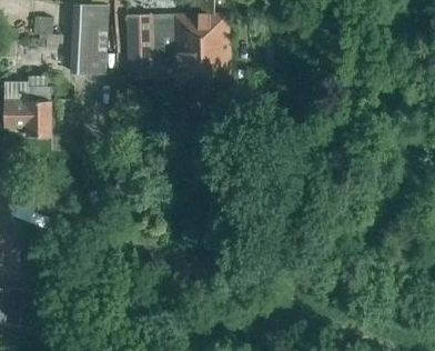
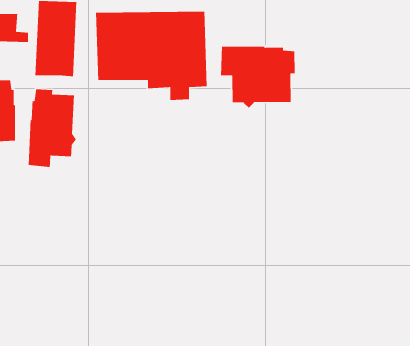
building: none -> [220,46,295,108]
building: none -> [28,89,77,168]

